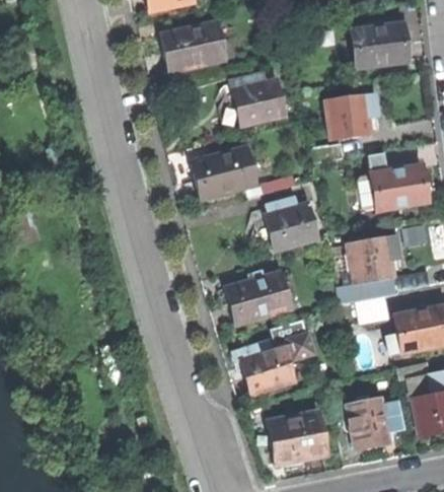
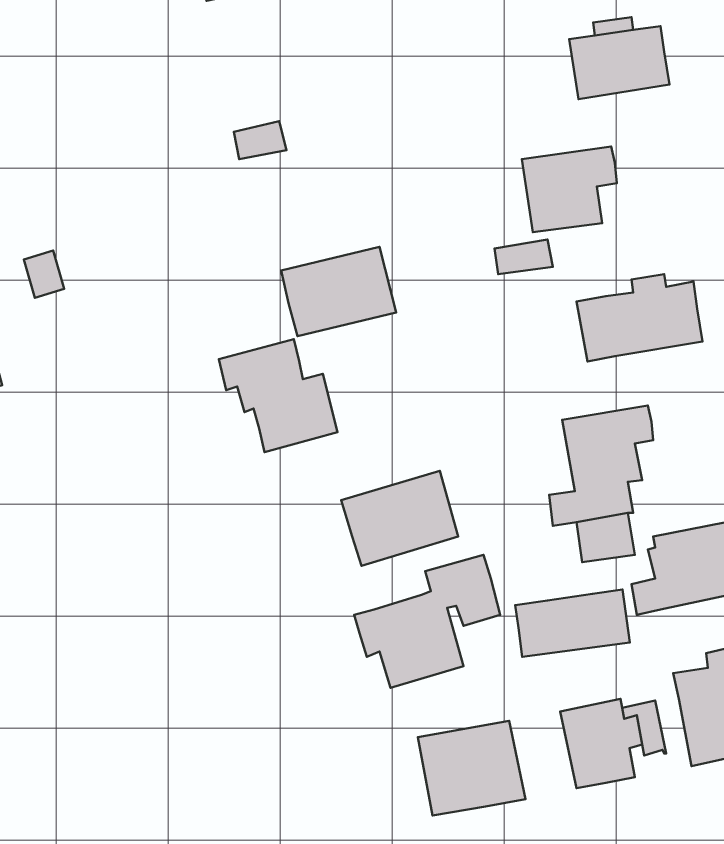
building: [158,22,235,81] -> none
building: [234,74,285,126] -> none
building: [250,187,316,250] -> [219,339,337,452]
building: none -> [515,590,630,657]

